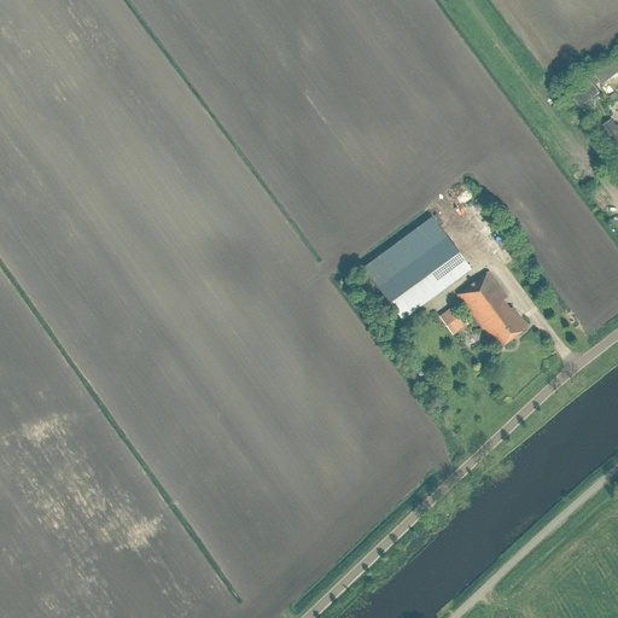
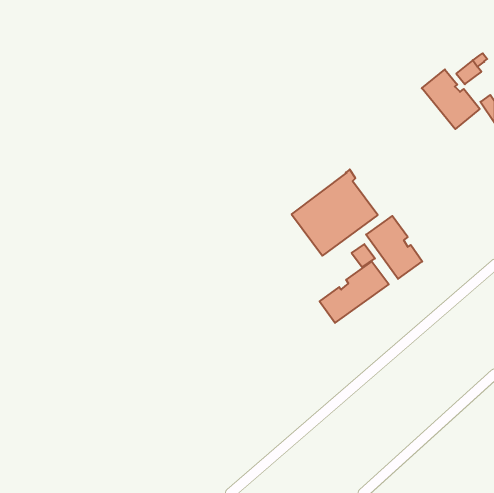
building: none -> [422,69,480,129]
building: none -> [320,262,389,323]

